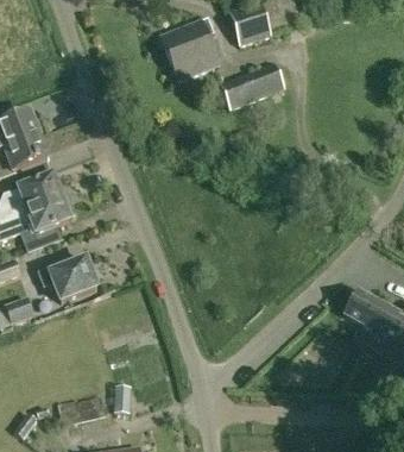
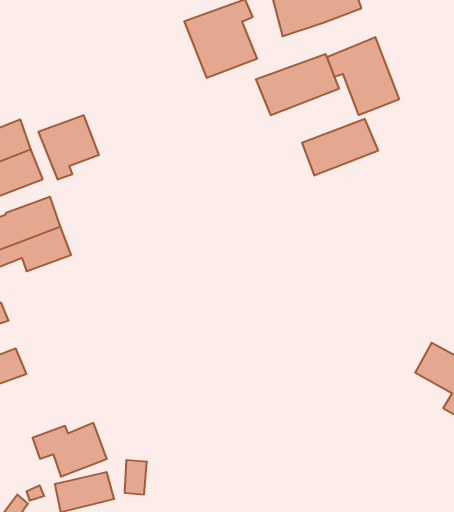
building: none -> [327,37,399,115]
building: none -> [39,115,99,180]
building: none -> [302,119,378,176]
building: [37,258,96,301] -> [32,423,107,477]

